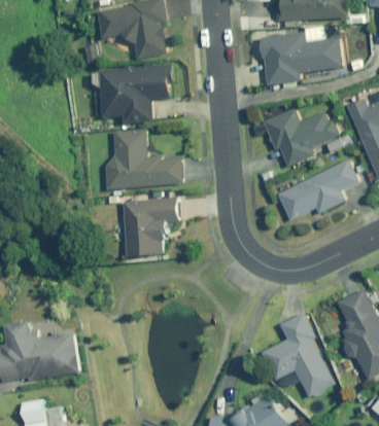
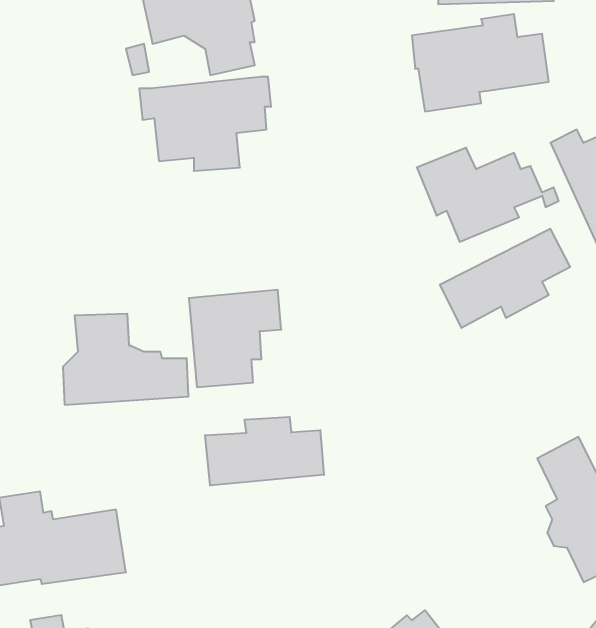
building: [104,131,182,187] -> [63,314,189,405]
building: none -> [205,417,324,486]
building: [263,312,335,396] -> none

